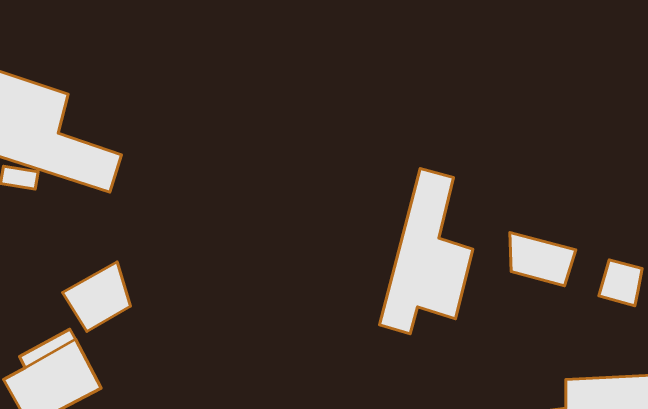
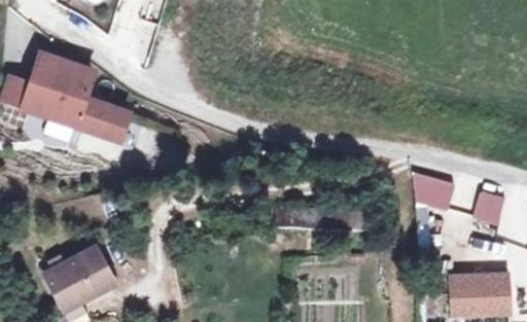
building: [379,168,473,334] -> none
building: [63,262,130,331] -> none

